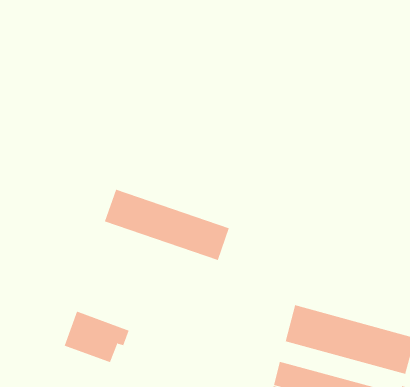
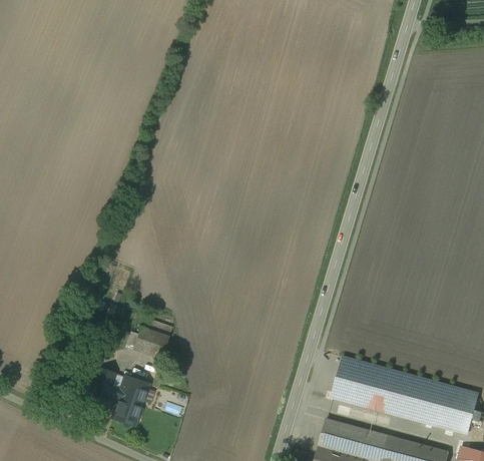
building: [104,189,230,261] -> none
building: none -> [132,313,172,355]

